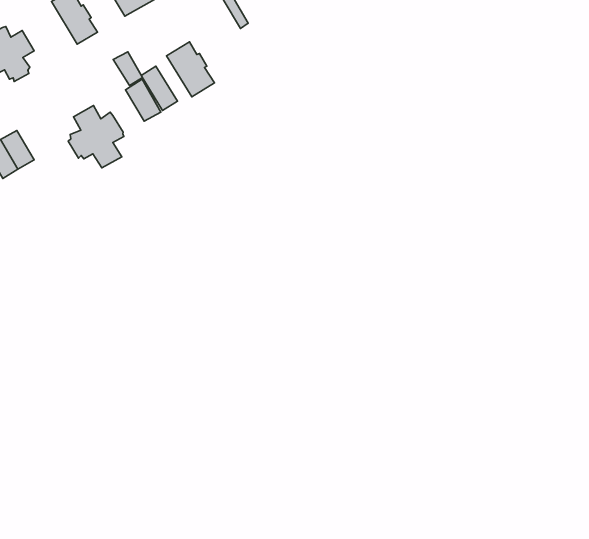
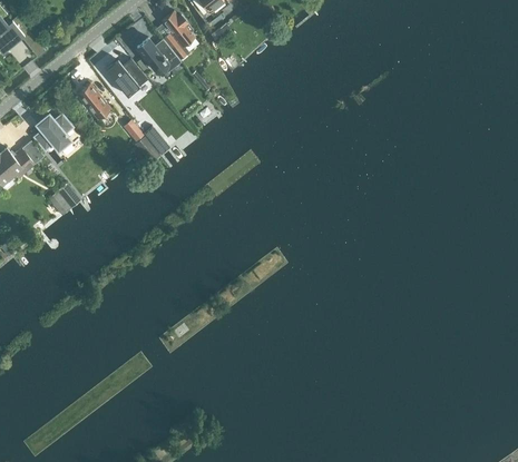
building: [167,42,215,97] -> none
building: [68,106,124,168] -> none

